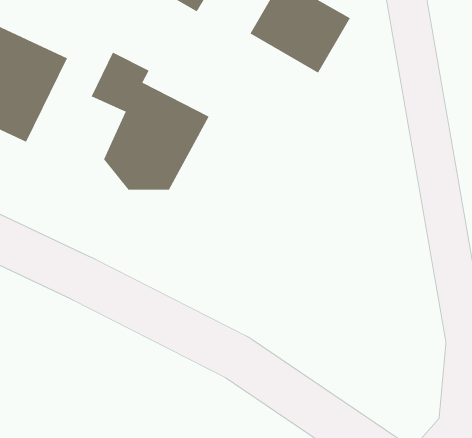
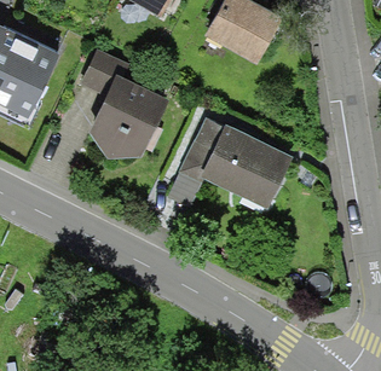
building: none -> [167,116,294,210]

